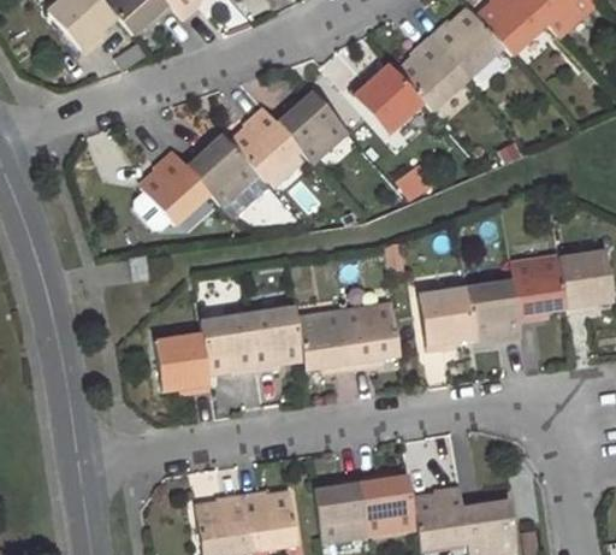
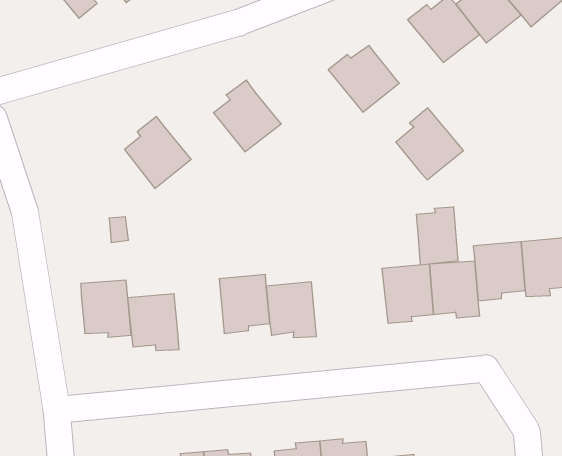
building: [397,35,468,110] -> [396,108,464,180]
building: [274,90,349,161] -> none
building: [184,135,271,218] -> none
building: none -> [417,207,458,265]
building: [344,306,399,370] -> none
building: [201,315,256,376] -> [81,280,131,337]

